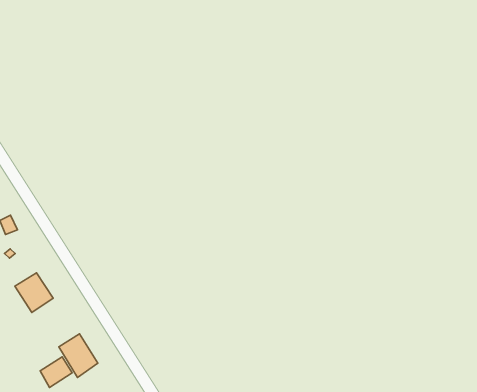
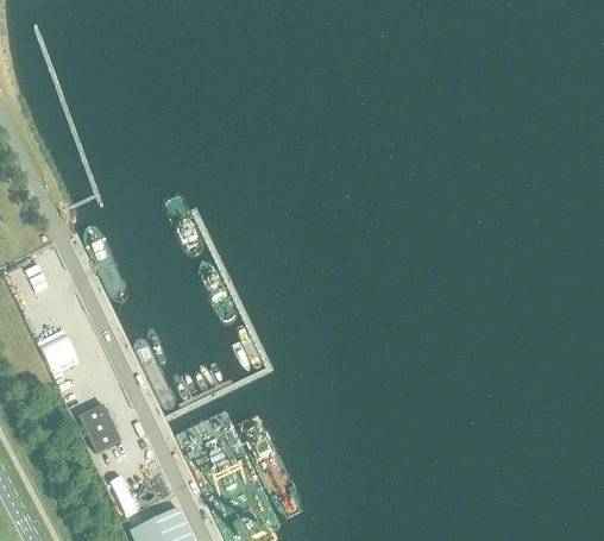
building: [40,357,72,387] -> none

